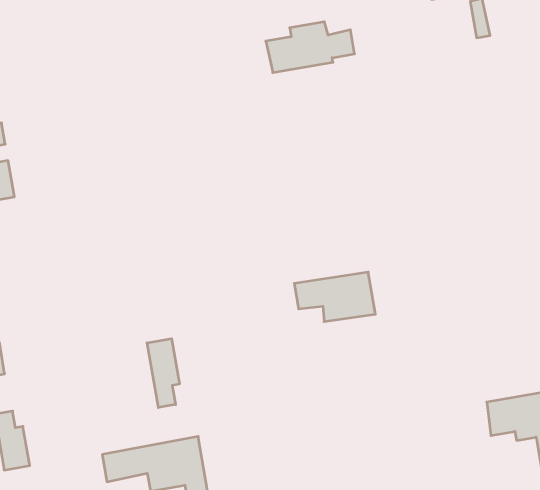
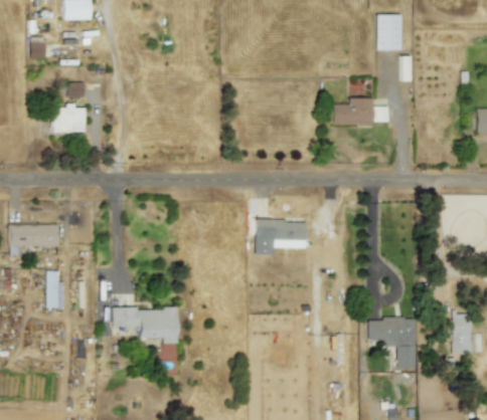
building: [266,22,355,73] -> [332,98,388,126]
building: [147,339,179,408] -> none

